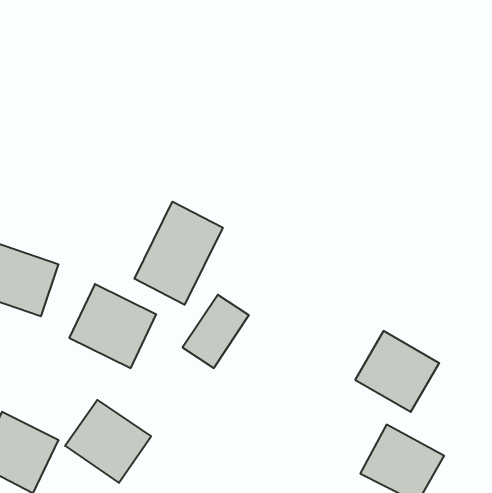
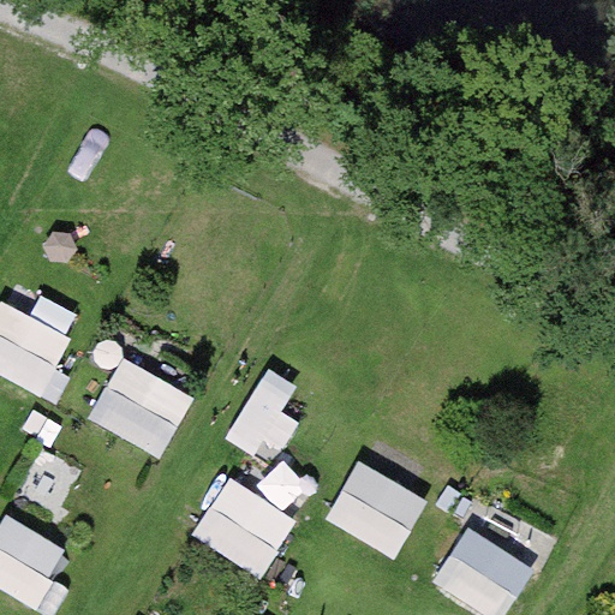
building: [135,202,223,305] -> none
building: [355,331,439,412] -> [323,460,426,560]
building: [65,400,151,483] -> [190,477,295,579]

